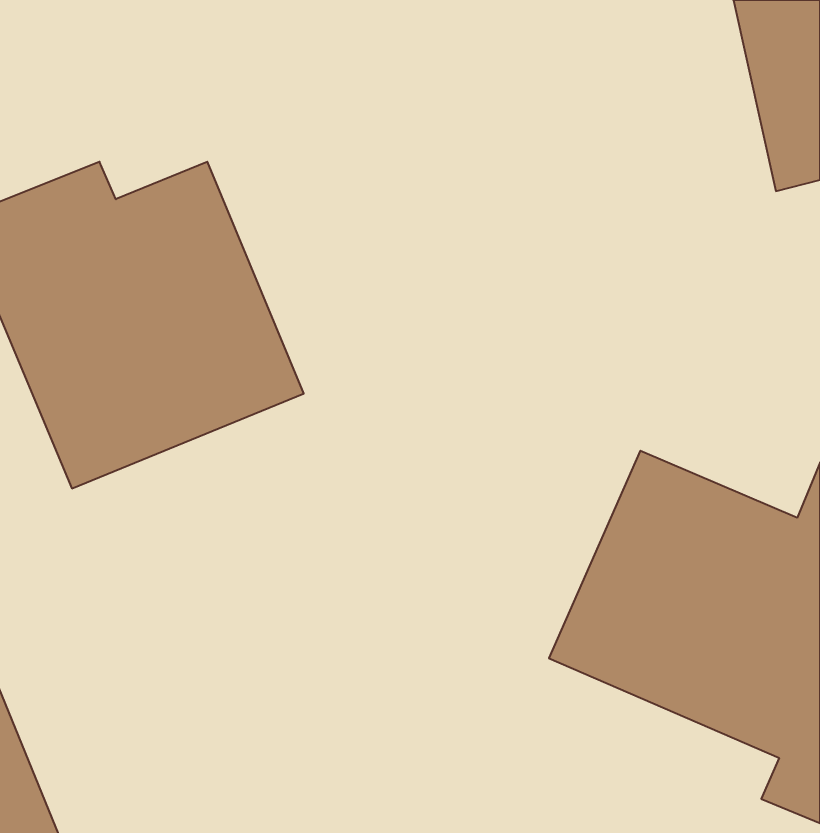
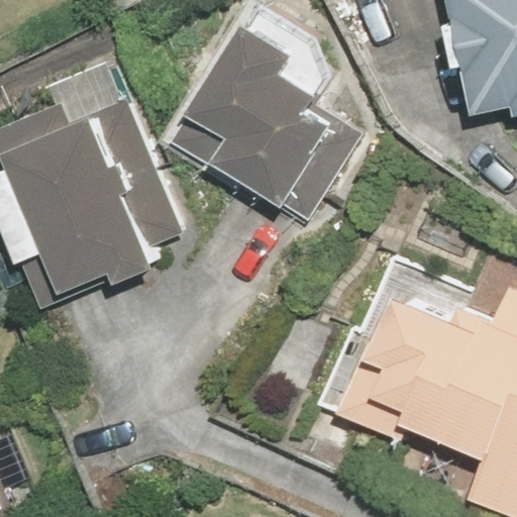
building: none -> [174,22,335,206]

